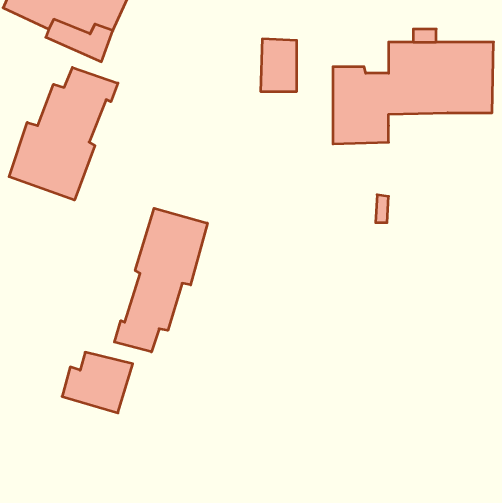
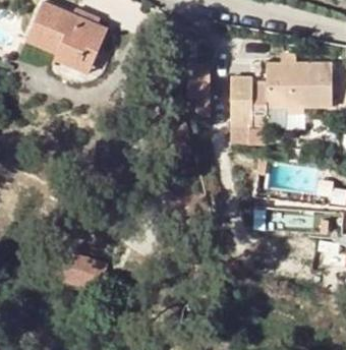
building: [9,67,118,200] -> none
building: [114,208,207,352] -> none

